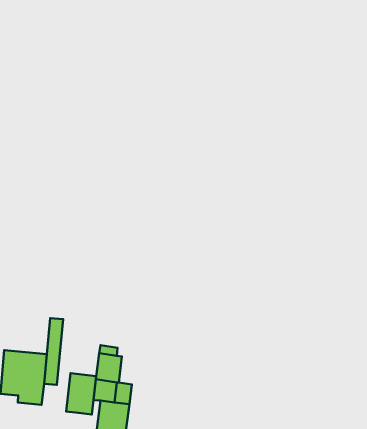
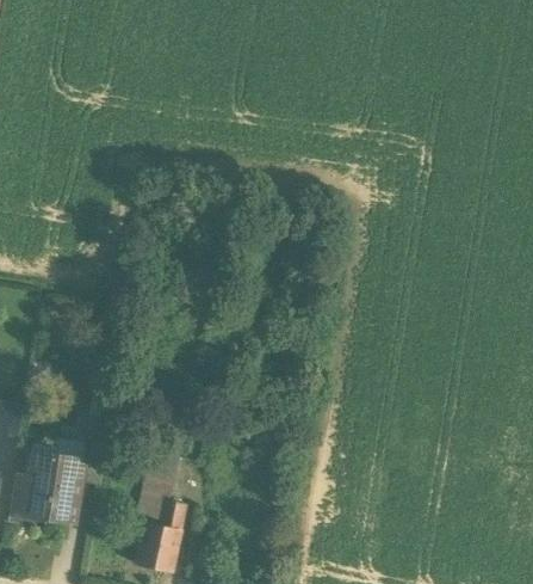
building: [66,373,96,414] -> none

